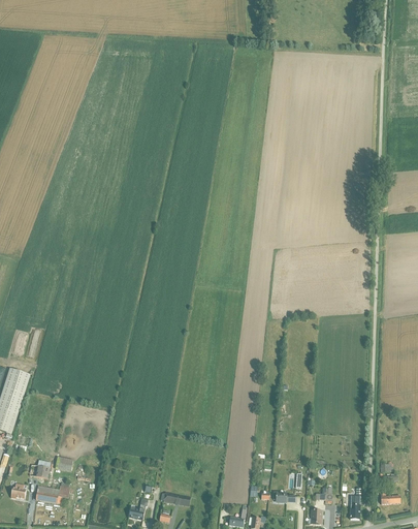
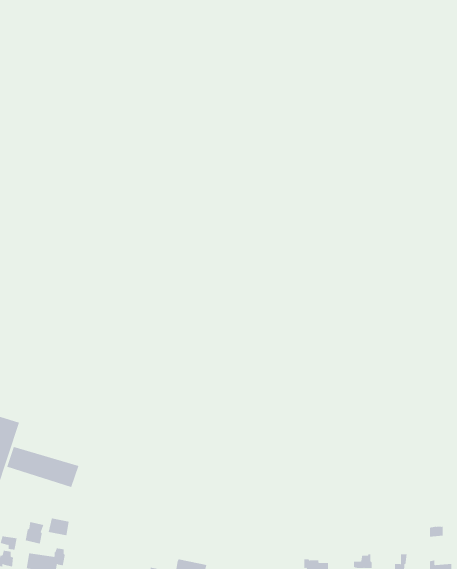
building: none -> [7,446,79,488]

